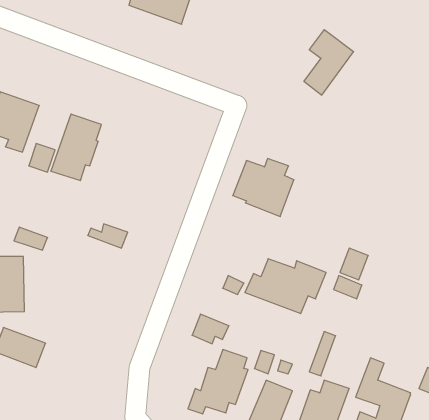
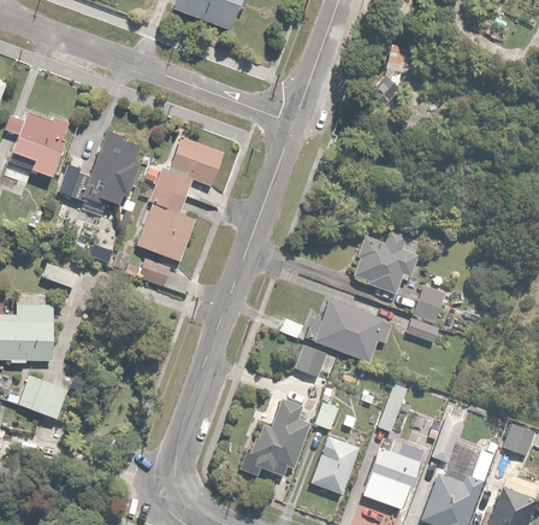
building: none -> [135,136,225,262]
building: [233,159,294,217] -> [351,232,421,299]
building: [192,314,229,344] -> [294,343,336,377]

